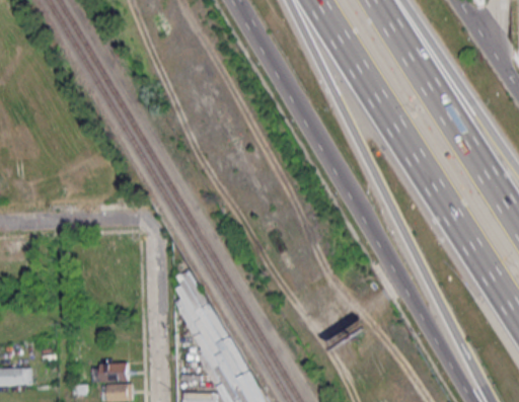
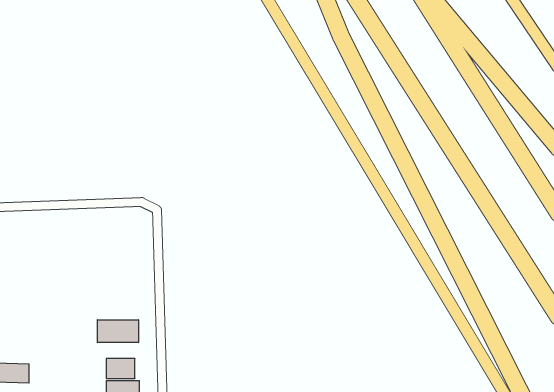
building: none -> [97,320,138,343]

